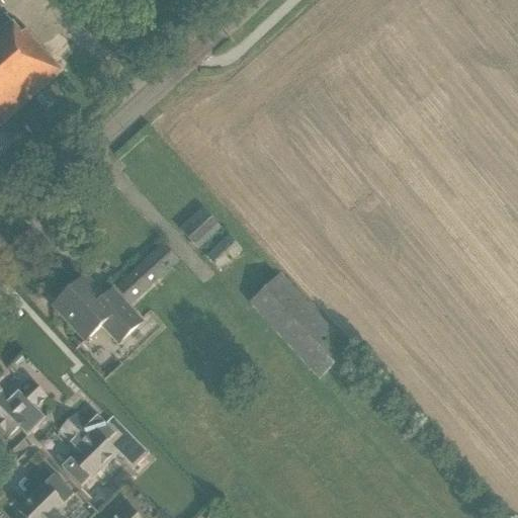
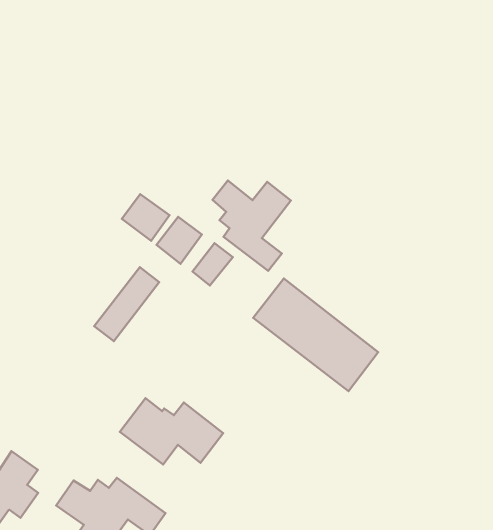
building: none -> [122,194,169,241]
building: none -> [212,181,291,271]
building: [54,279,140,341] -> [120,398,223,464]

